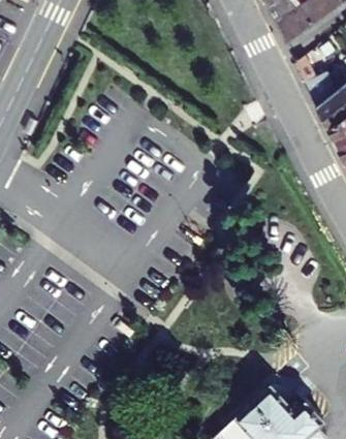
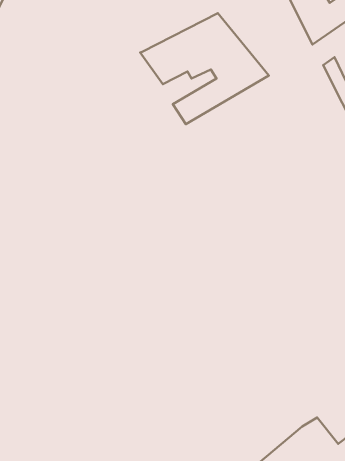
building: none -> [140,13,269,124]

